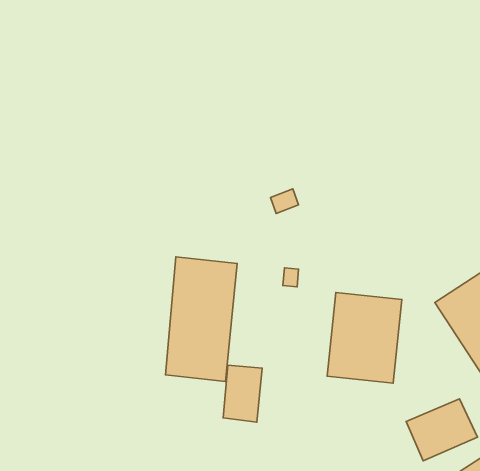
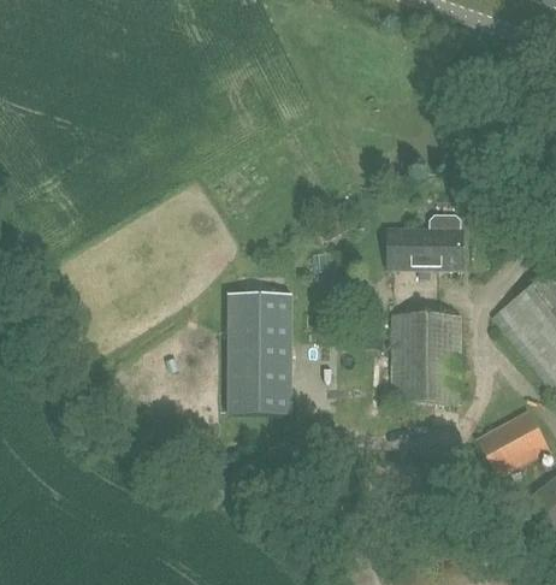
building: none -> [389,213,462,267]
building: [223,365,262,422] -> none

